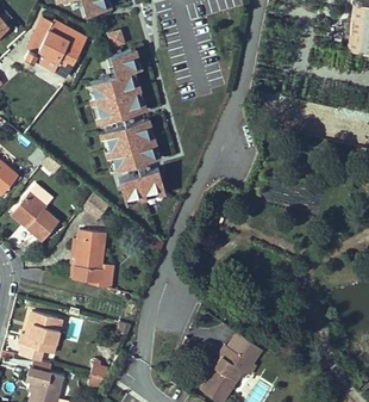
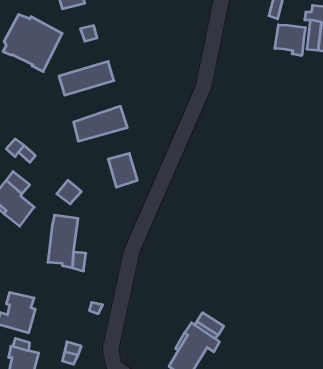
building: none -> [275,25,305,56]
building: [112,45,143,74] -> none
building: [90,88,149,124] -> none
building: [105,138,163,173] -> none
building: [119,172,145,206] -> none

